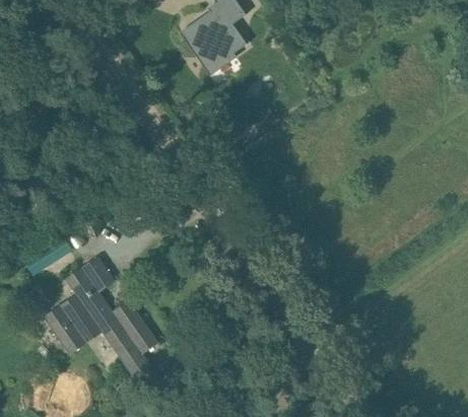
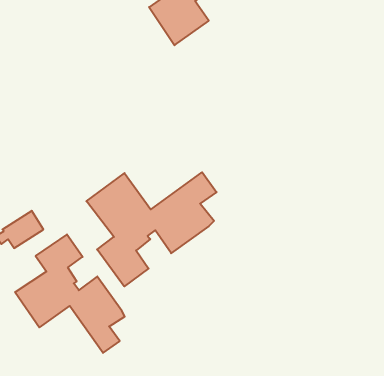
building: none -> [86,172,217,286]

